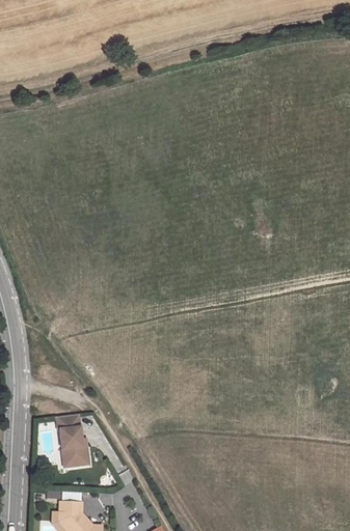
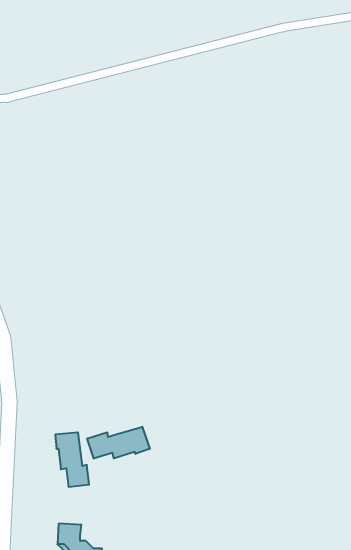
building: none -> [87,427,150,459]

